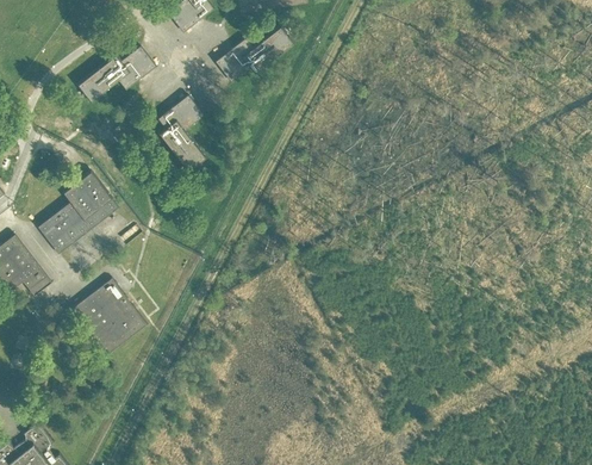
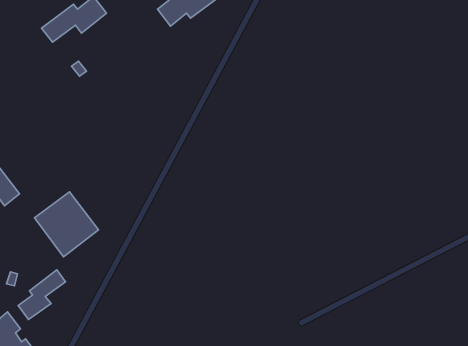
building: [157,94,205,169] -> none
building: [38,172,118,253] -> none
building: none -> [18,270,66,319]

